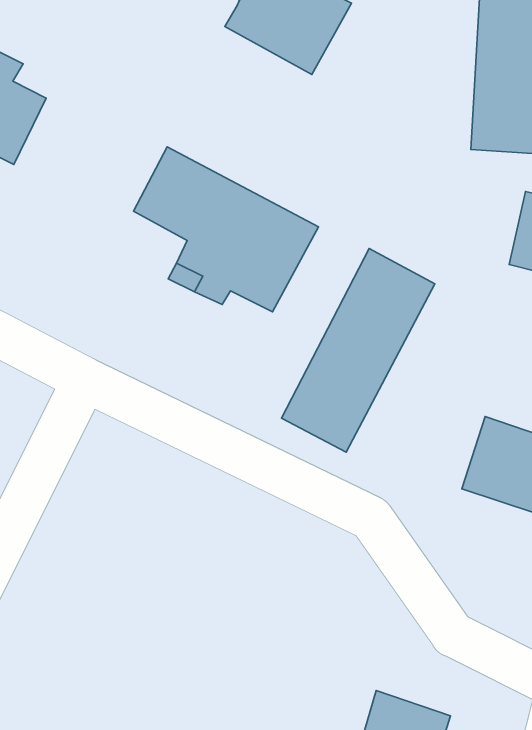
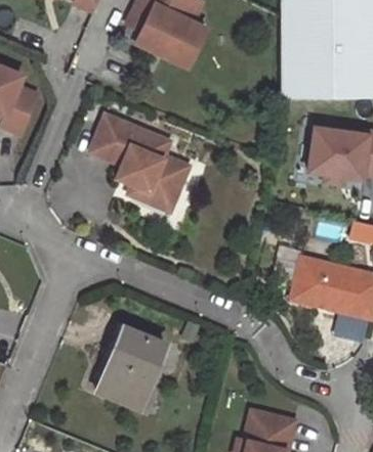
building: [282,248,435,452] -> none
building: none -> [96,331,164,408]

